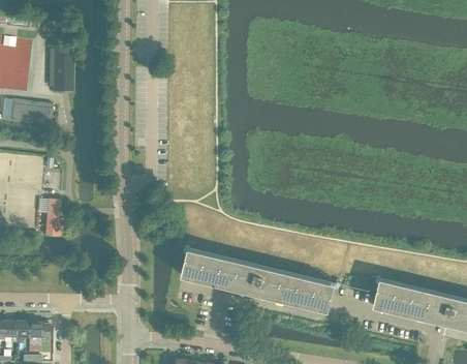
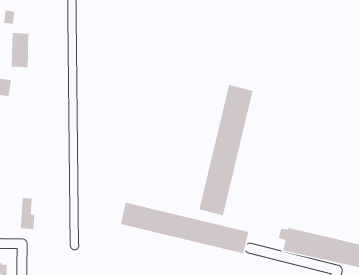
building: none -> [199,84,254,216]
building: [45,200,63,238] -> [20,197,35,230]

